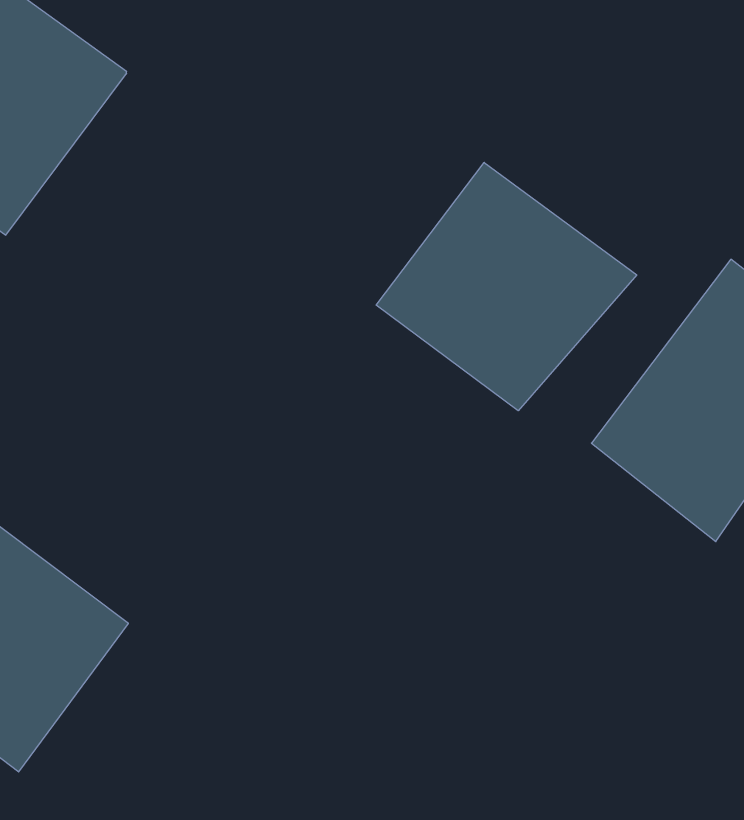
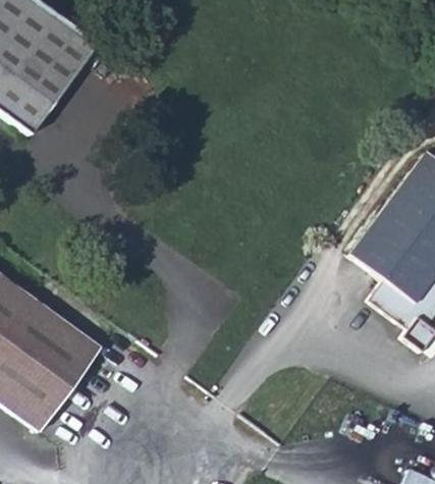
building: [376,162,637,411] -> none

